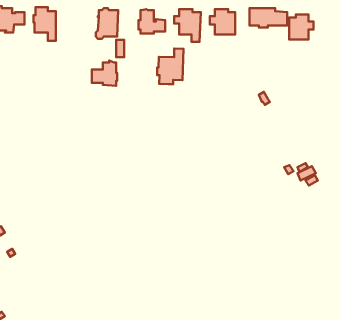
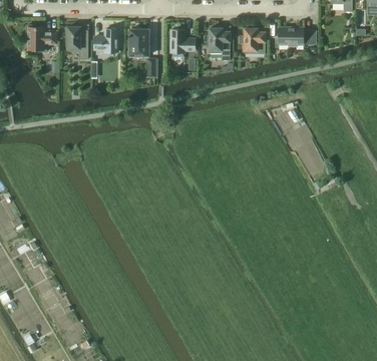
building: [289,14,313,40] -> none
building: [157,49,184,84] -> none
building: [92,60,117,86] -> [93,26,118,51]

